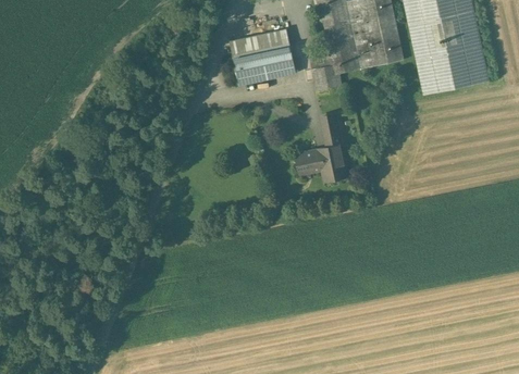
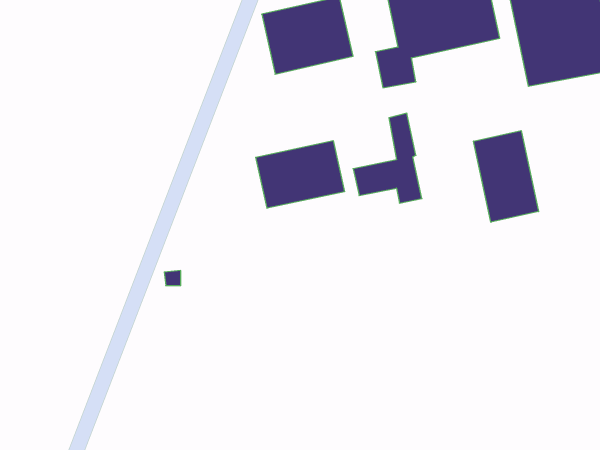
building: none -> [474,131,539,222]
building: none -> [256,141,344,208]

